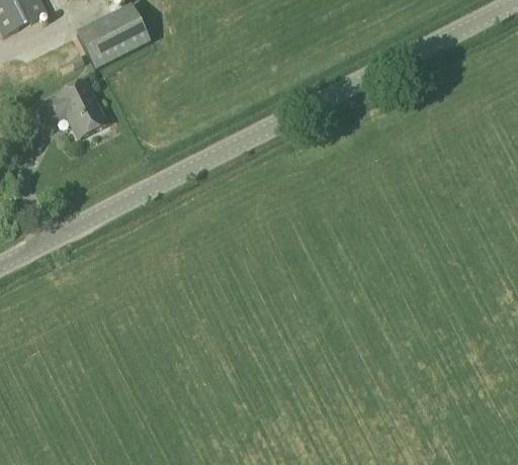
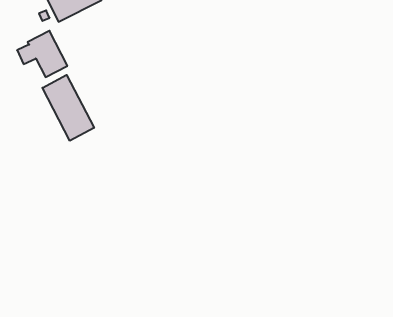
building: none -> [42,75,94,141]

